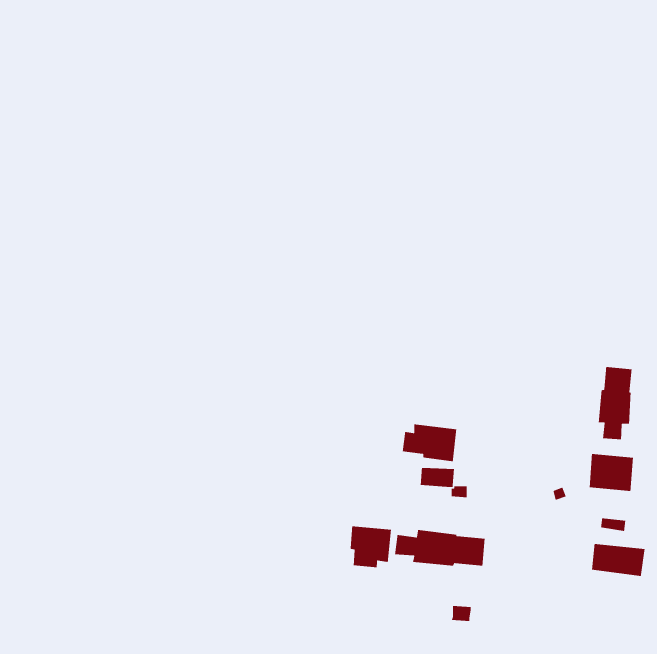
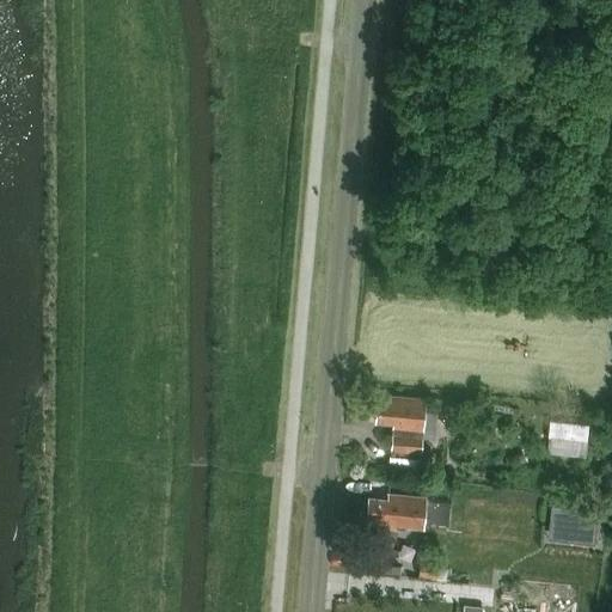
building: [598,366,632,440] -> none
building: [349,525,392,568] -> none

